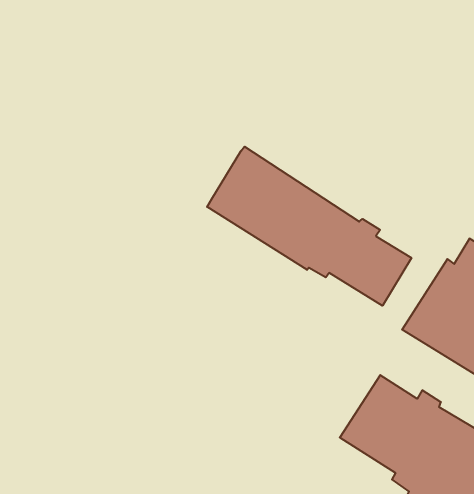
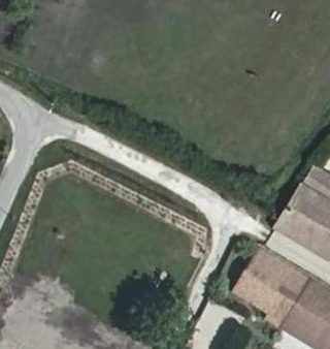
building: [207,147,411,306] -> none

